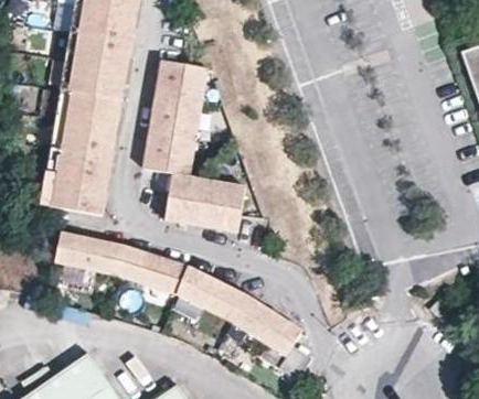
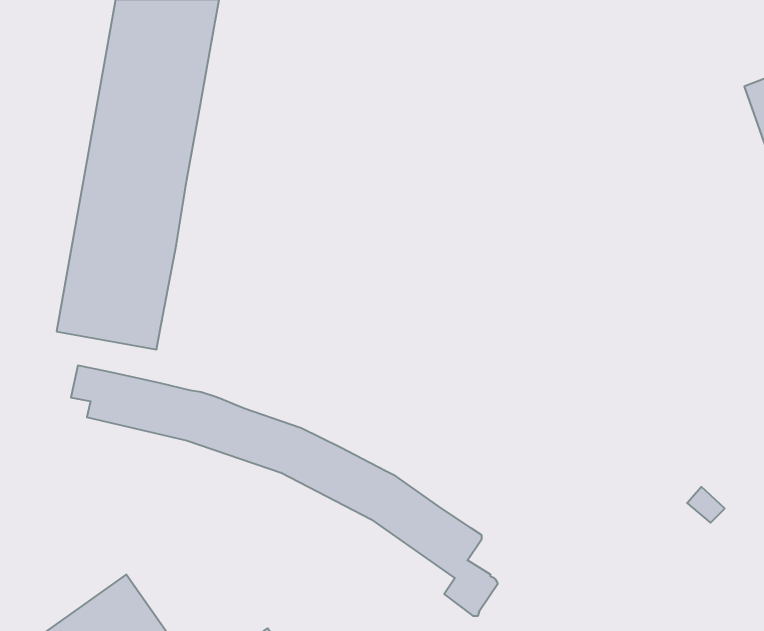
building: [145,61,247,234] -> none

